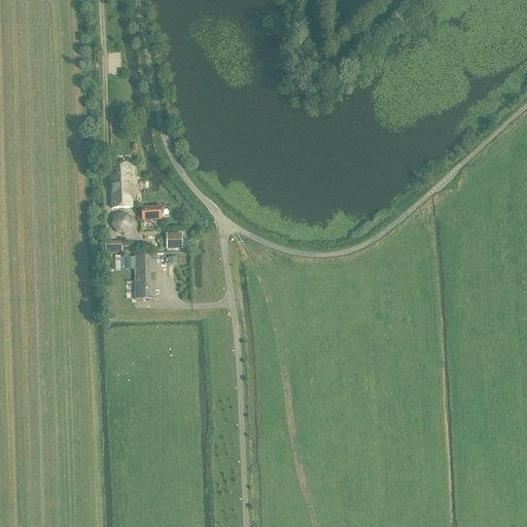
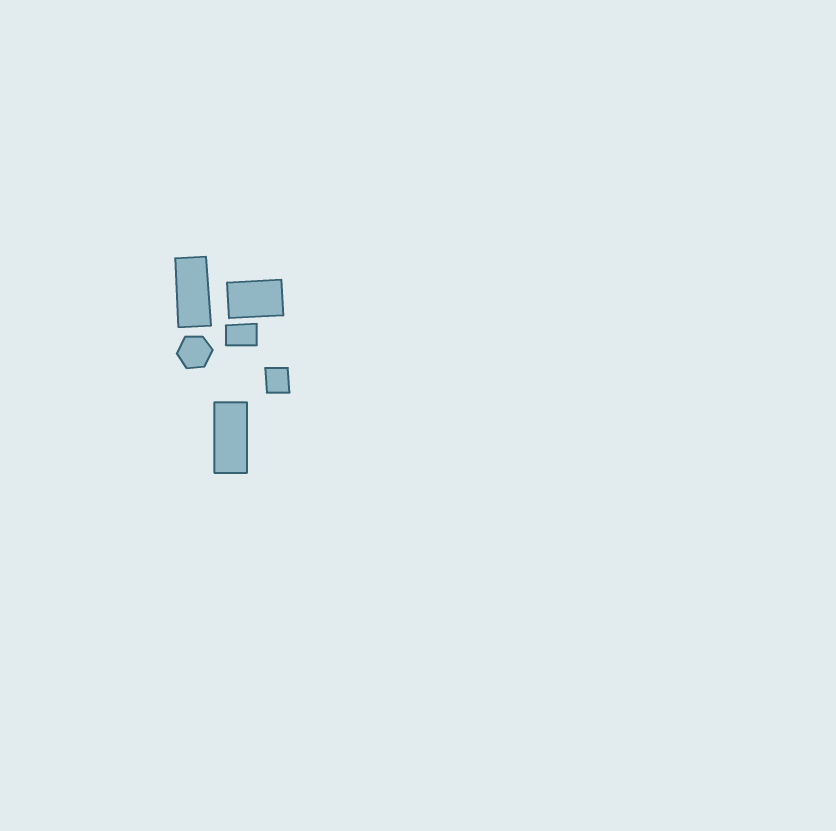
building: none -> [227,280,283,318]

